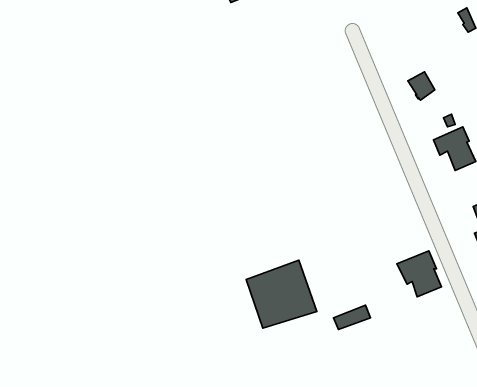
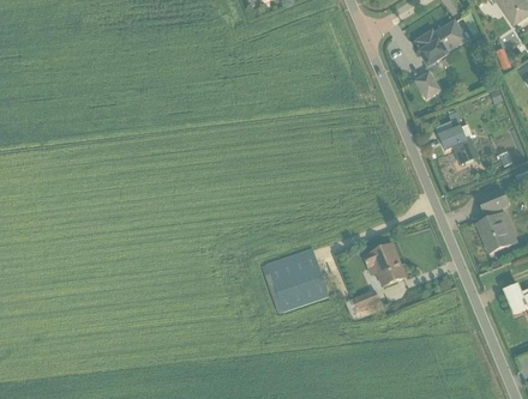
building: none -> [414,19,466,65]
building: [397,251,442,297] -> [361,243,403,286]

